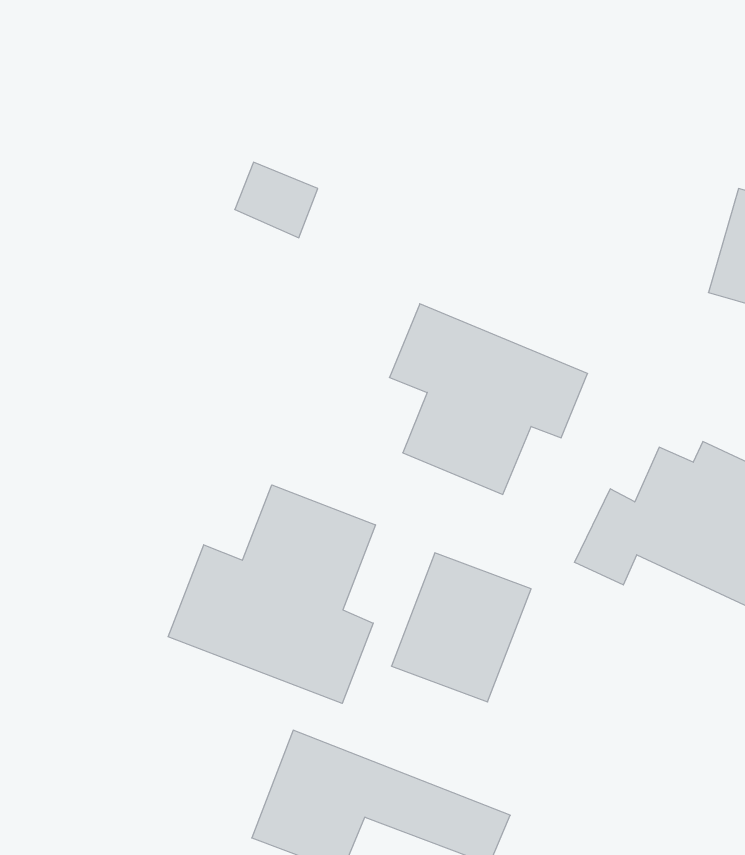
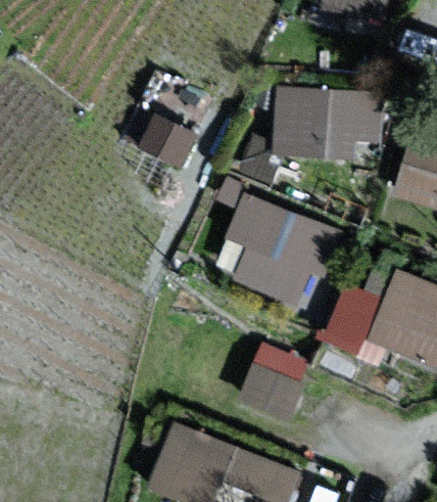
building: none -> [281,94,379,153]
building: [168,485,375,703] -> none

